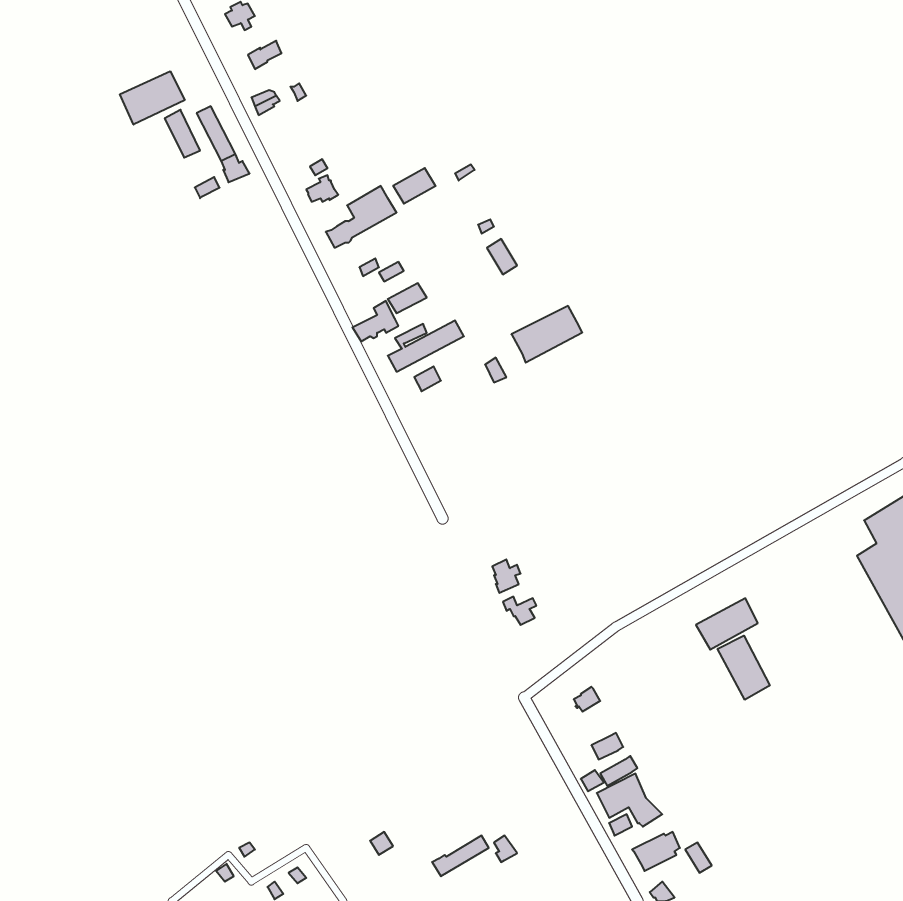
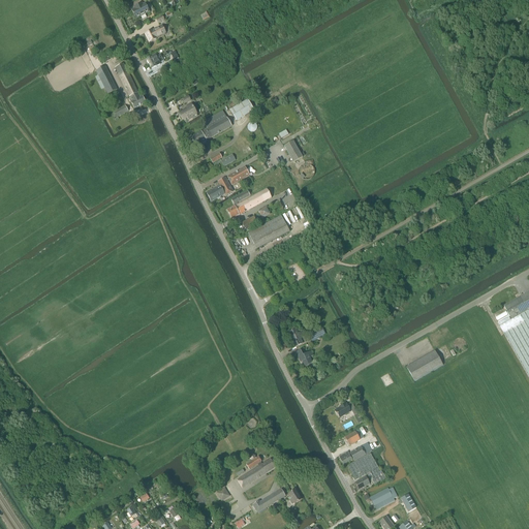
building: [120,71,185,125] -> none
building: [511,306,582,363] -> [249,214,290,247]
building: [718,636,770,700] -> none
building: none -> [238,455,277,487]

